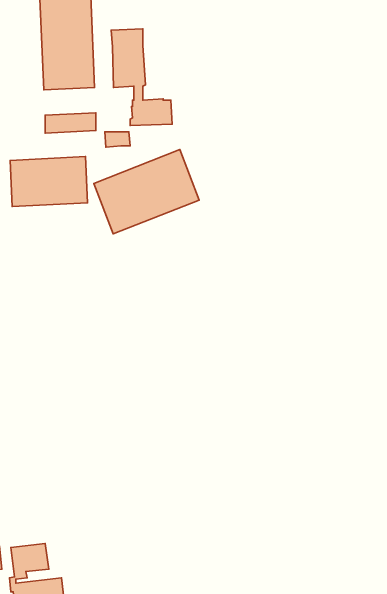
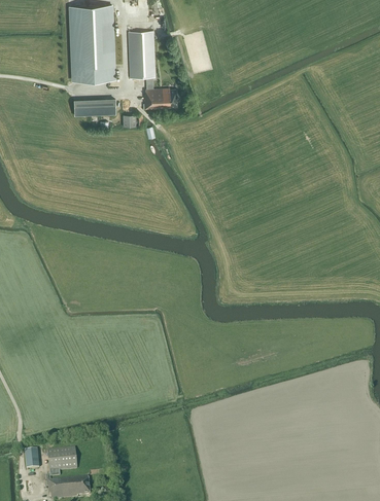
building: [94,150,199,234] -> none
building: [10,157,88,207] -> none

